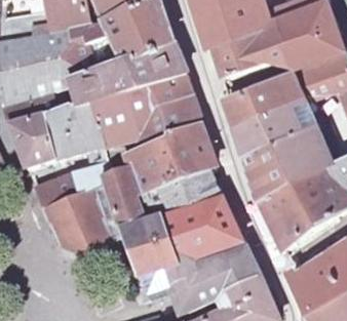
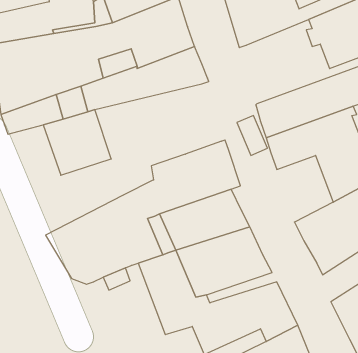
building: [217,23,274,76] -> none
building: [84,79,195,146] -> none
building: [8,115,54,169] -> none
building: [243,142,293,200] -> none
building: [33,161,109,211] -> none

